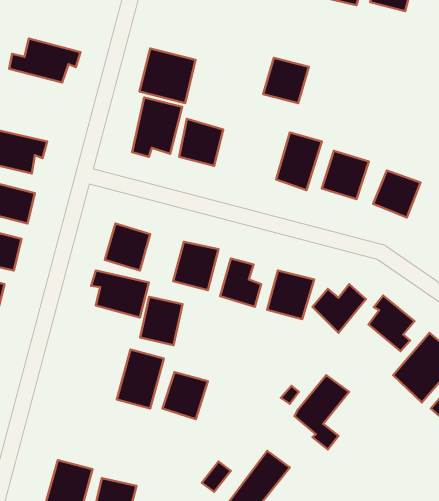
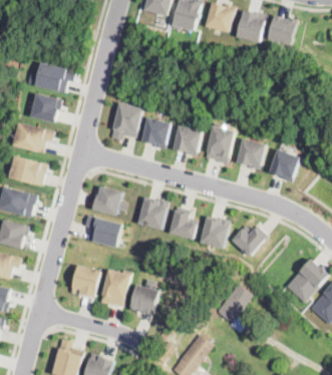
building: [140,48,195,103] -> none
building: [263,58,309,103] -> [173,124,203,154]
building: none -> [31,92,60,120]
building: [369,295,414,351] -> none
building: [140,297,183,345] -> [71,266,99,298]

